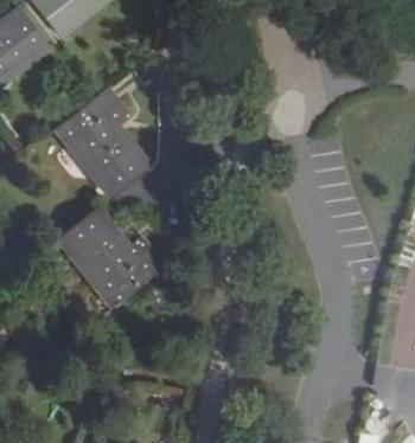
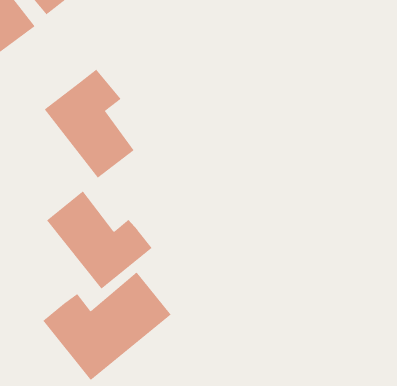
building: none -> [42,271,172,381]

